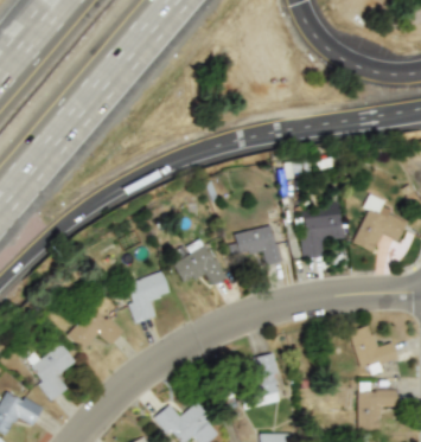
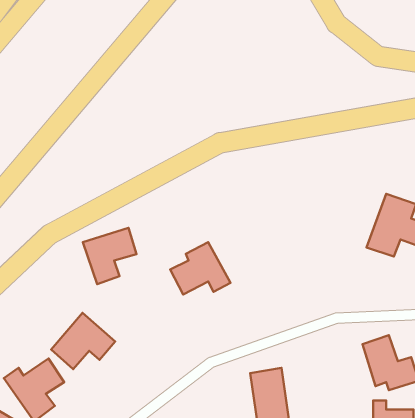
building: [300,213,346,258] -> none
building: [235,224,283,265] -> none
building: [123,273,172,324] -> [83,228,136,284]

